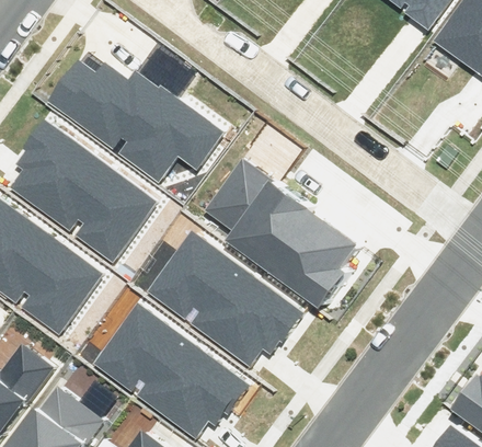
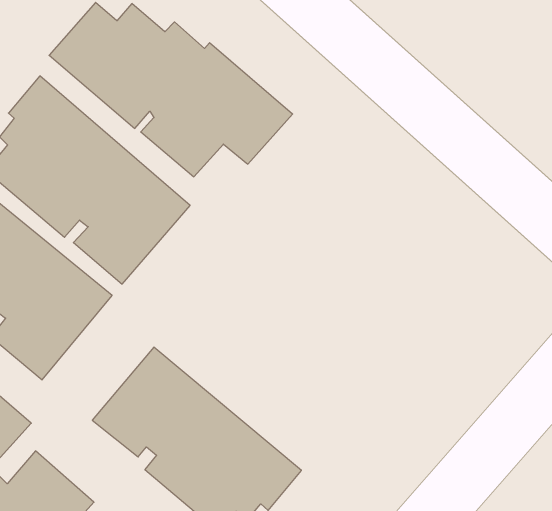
building: [205,159,357,307] -> none
building: [145,230,305,366] -> none

